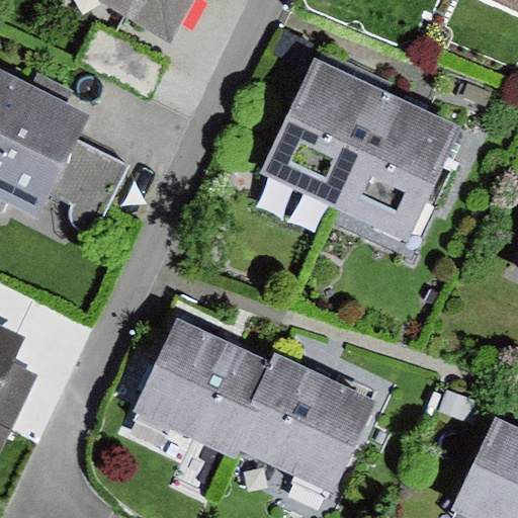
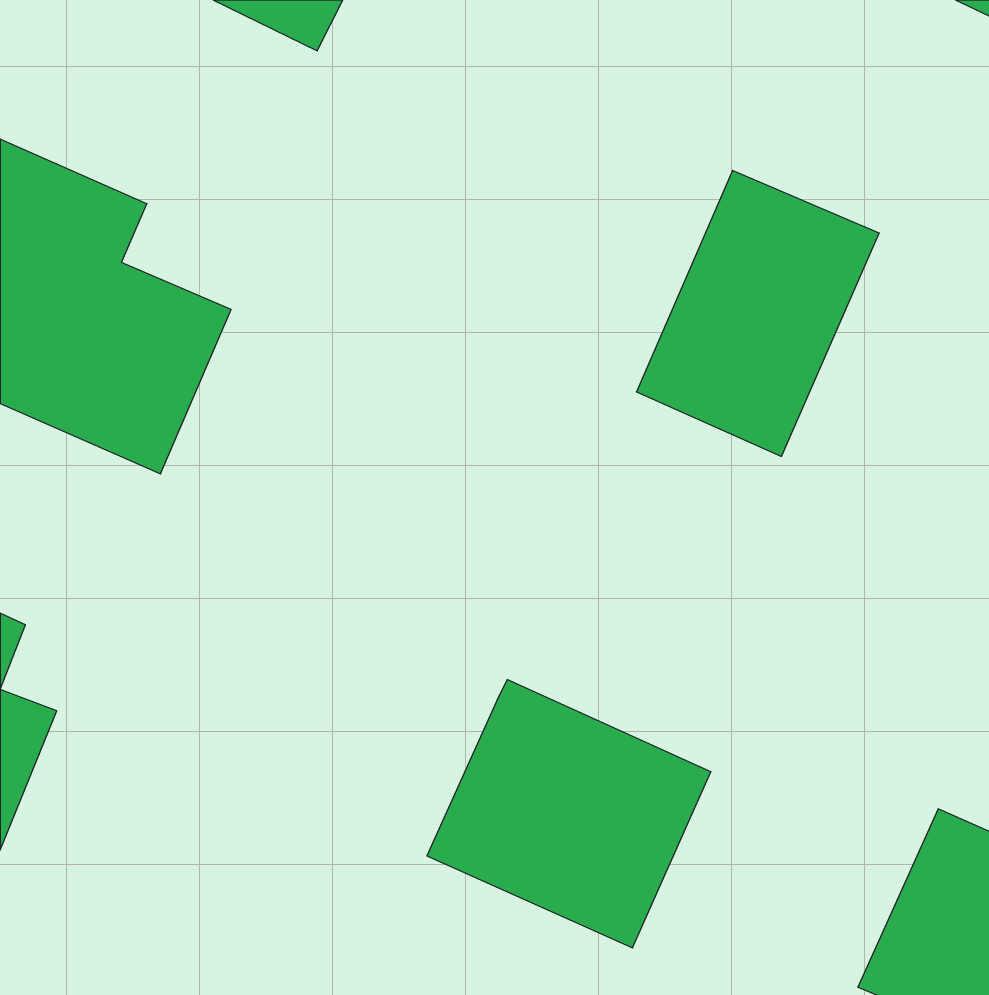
building: [259,58,384,205] -> none
building: [126,323,263,459] -> none

